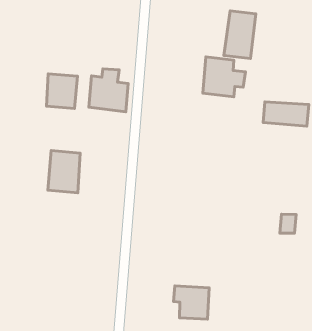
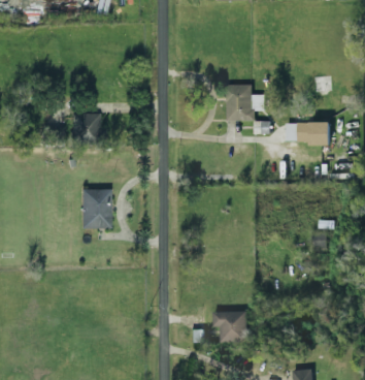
building: [224,11,256,59] -> none
building: [89,69,128,112] -> none

